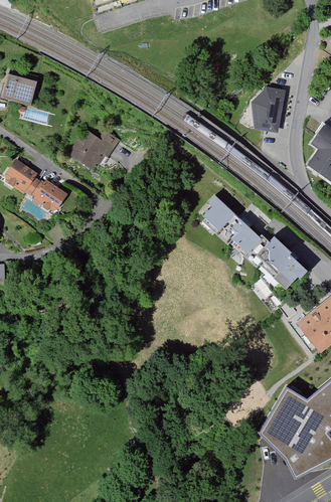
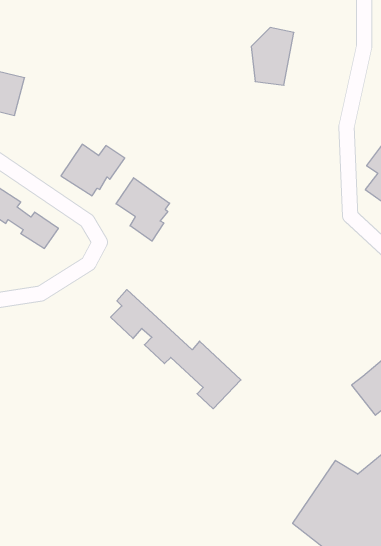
building: [251,86,285,132] -> [251,28,294,85]
building: none -> [116,178,170,241]
building: [202,195,307,291] -> [111,290,241,409]

